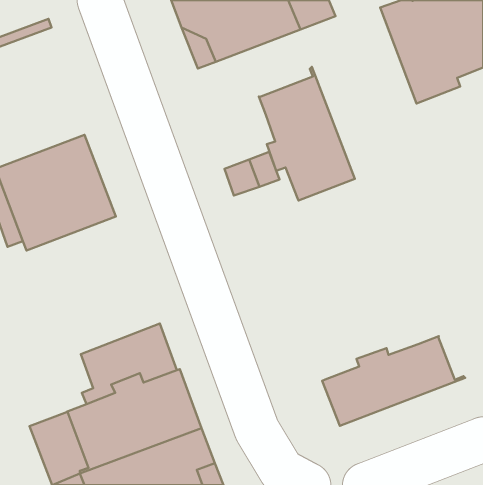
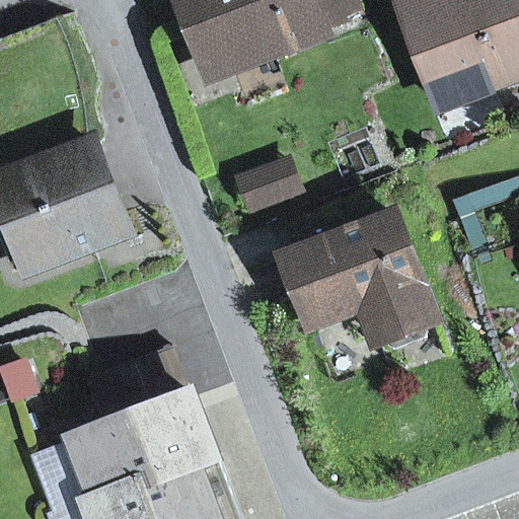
building: [259,67,355,201] -> none
building: none -> [286,217,432,341]
building: [322,336,465,426] -> none

